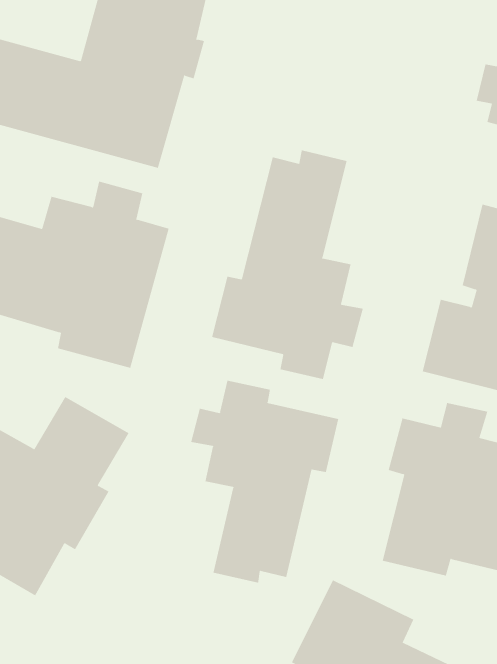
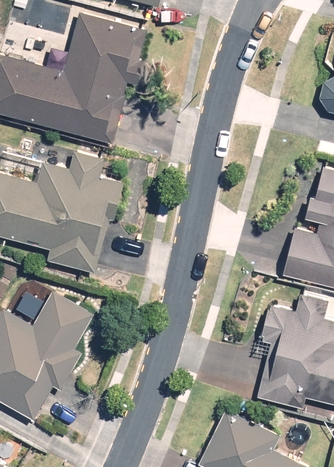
building: [211,149,364,380] -> none
building: [191,380,339,584] -> none

